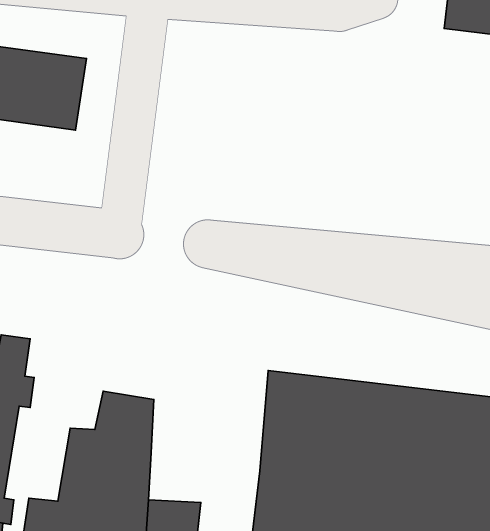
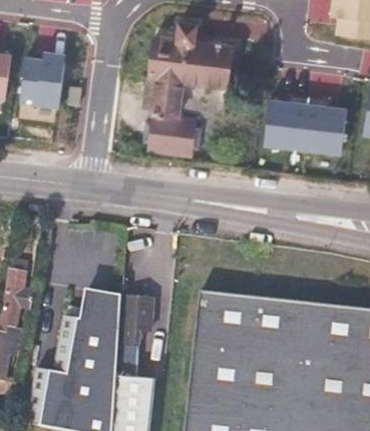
building: none -> [144,33,226,160]
building: none -> [260,93,356,161]
building: none -> [116,300,153,349]

